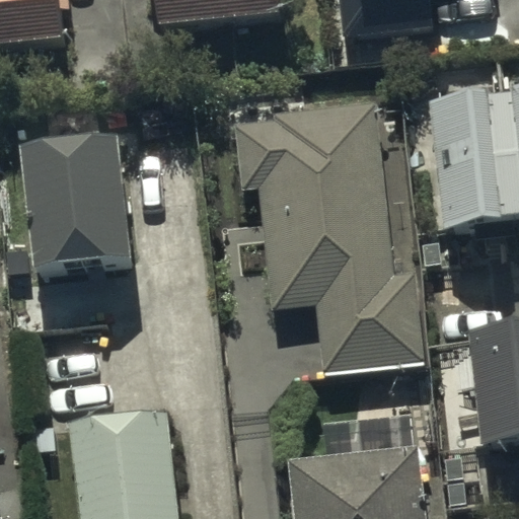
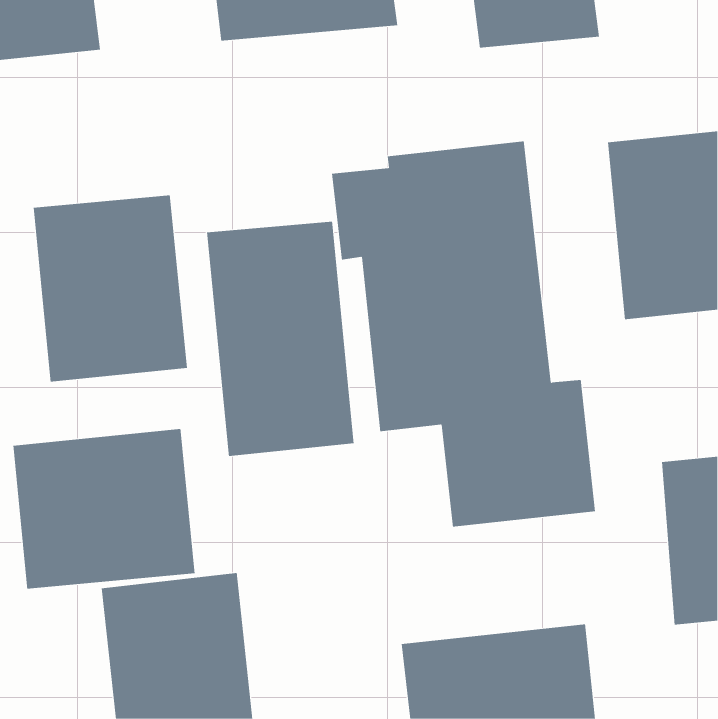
building: none -> [207,221,354,457]
building: none -> [13,428,195,590]

